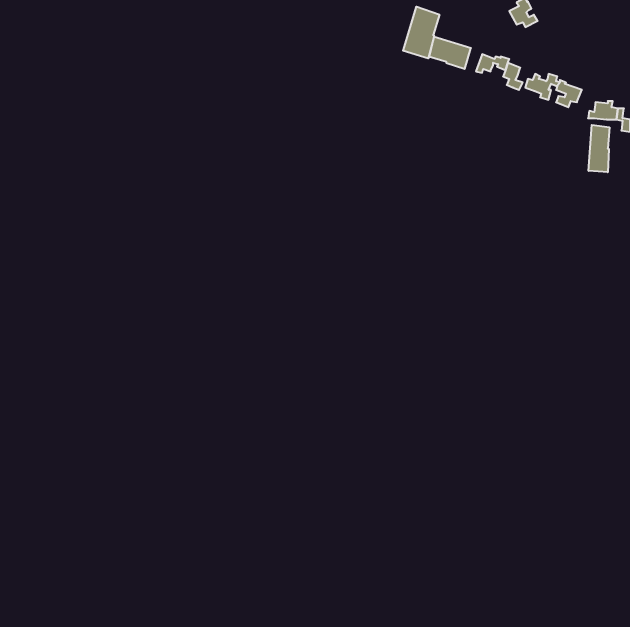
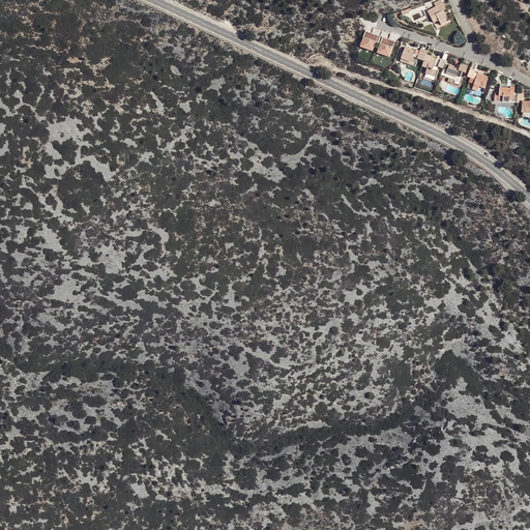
building: [403,7,439,58] -> none
building: [589,125,609,172] -> none

